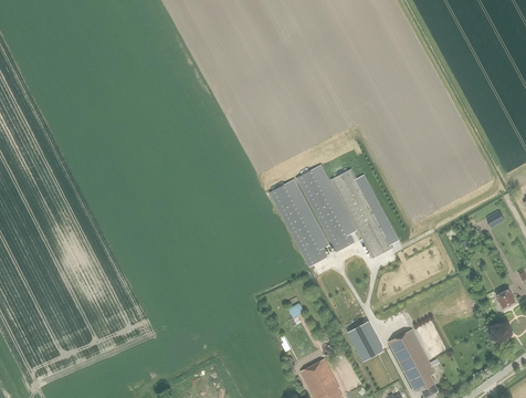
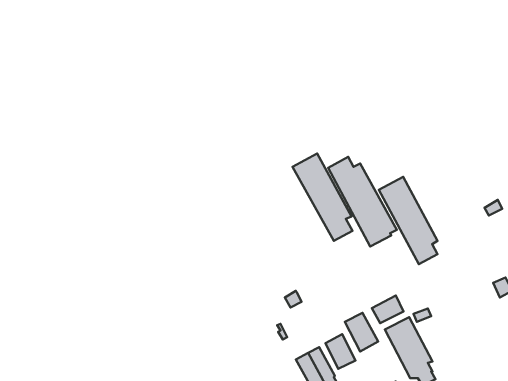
building: [270,179,328,266] -> [379,177,438,264]
building: none -> [372,296,404,323]
building: none -> [325,334,356,369]

